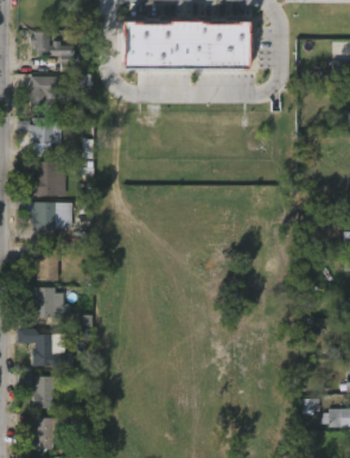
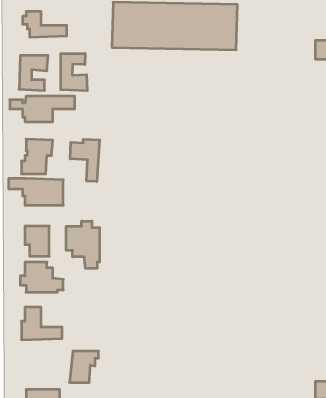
building: none -> [61,53,87,91]
building: none -> [70,139,100,182]
building: none -> [66,221,100,268]
building: [30,376,59,408] -> [69,351,99,382]

